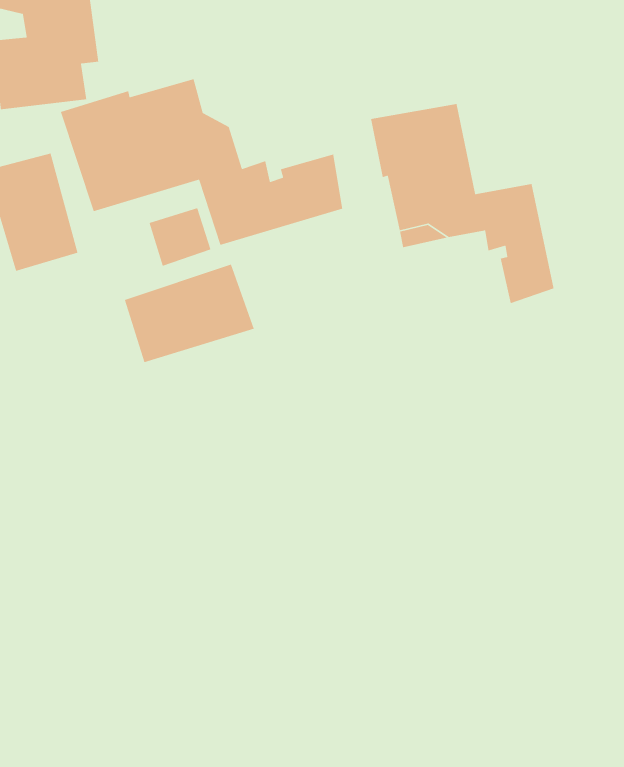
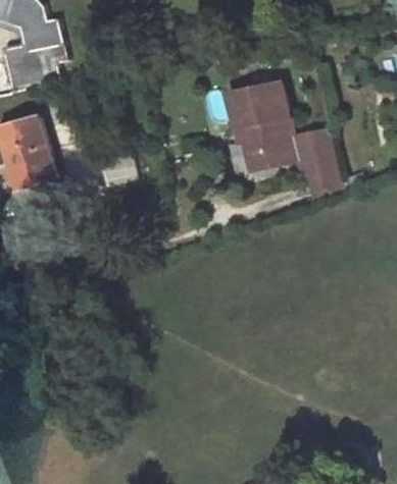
building: [60,78,343,246] -> none
building: [124,263,255,363] -> none

